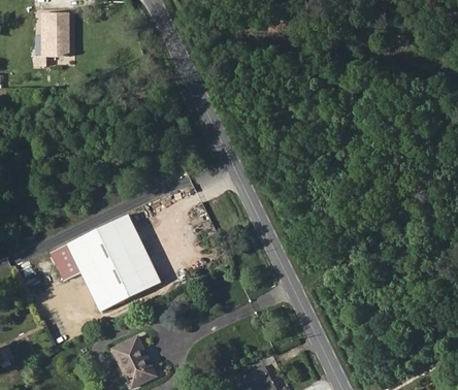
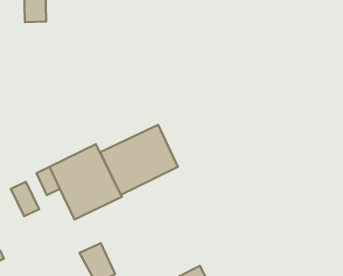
building: none -> [100,125,178,195]
building: none -> [11,182,39,216]

